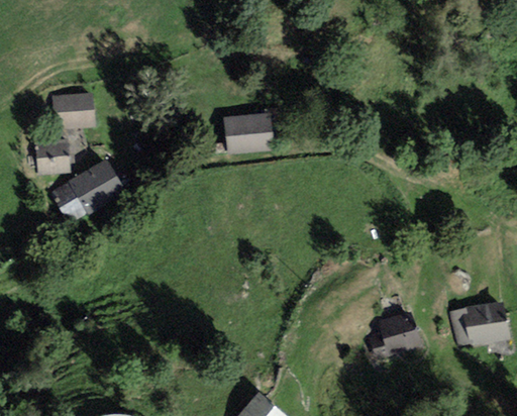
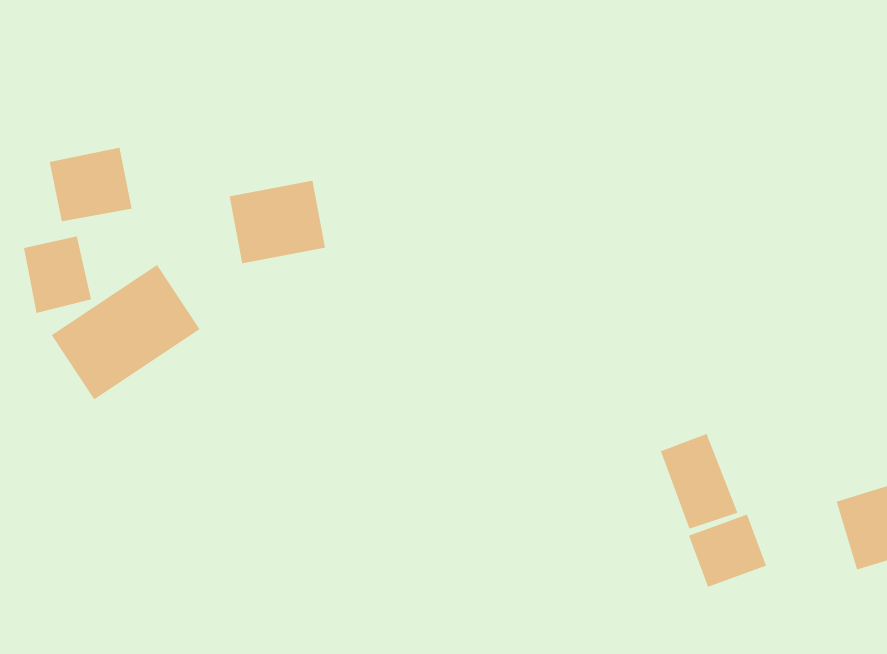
building: [224,113,274,154] -> [229,180,326,264]
building: none -> [660,433,738,529]

